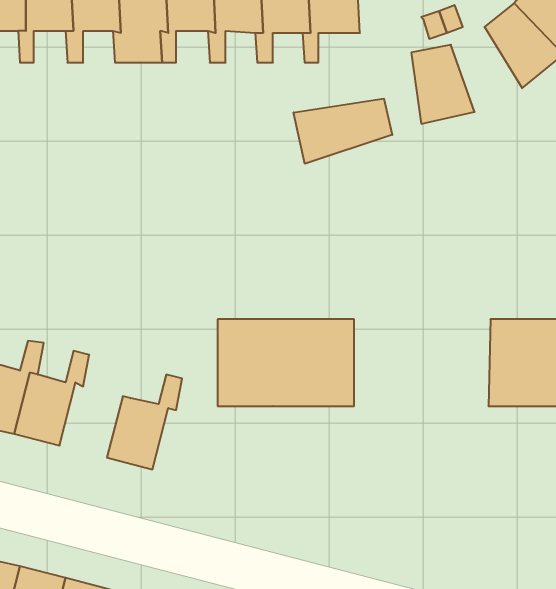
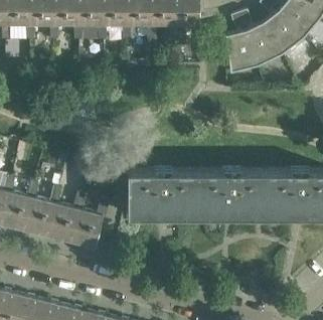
building: none -> [246,21,282,64]
building: [294,99,392,164] -> none
building: none -> [196,170,266,214]
building: none -> [46,192,85,241]

